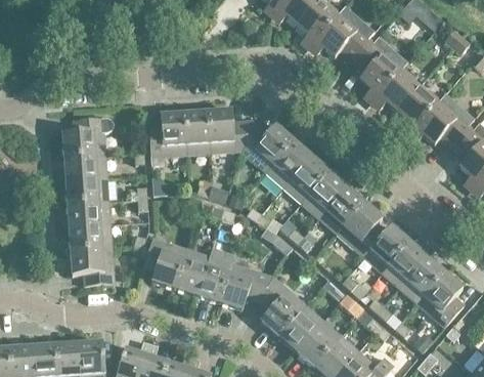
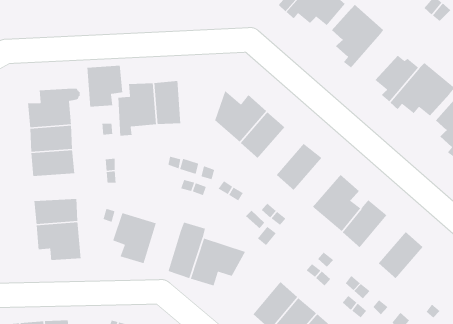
building: [375,67,420,111] -> none
building: none -> [87,65,123,108]
building: [208,109,253,153] -> none
building: [284,156,328,202] -> none
building: [319,185,364,233] -> none
building: [68,201,111,226] -> none
building: [383,241,427,287] -> none
building: [175,248,210,295] -> none
building: [417,271,464,327] -> none
building: [260,276,306,336] -> none

